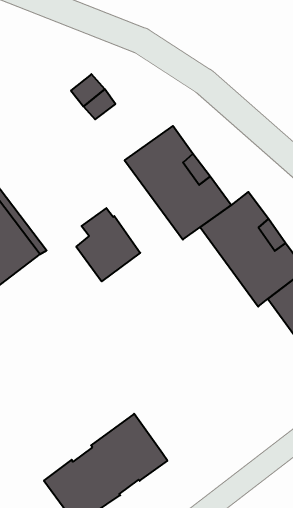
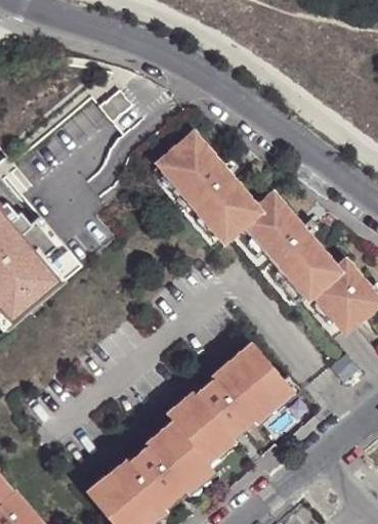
building: [76,208,140,281] -> none
building: none -> [170,344,292,458]

